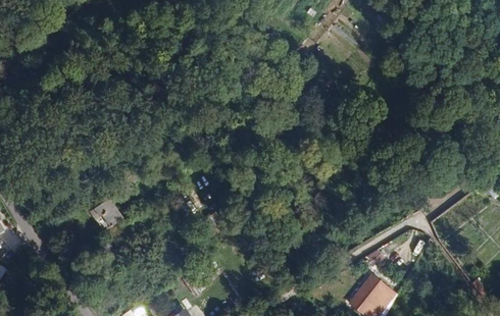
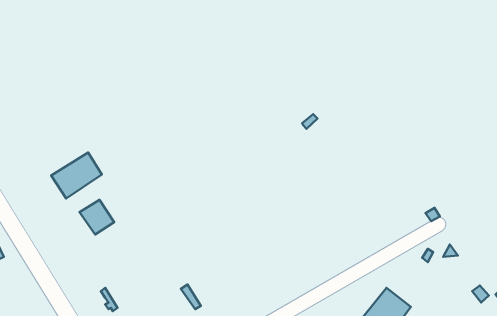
building: none -> [51,153,102,198]

